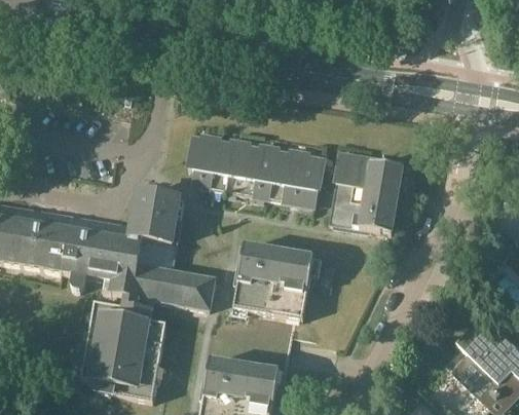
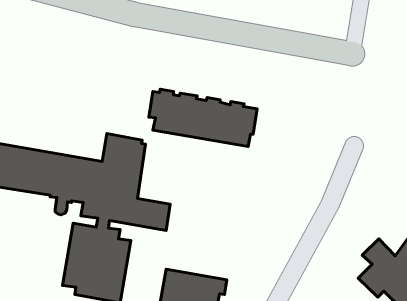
building: [329,157,404,233] -> none
building: [234,244,321,318] -> none

